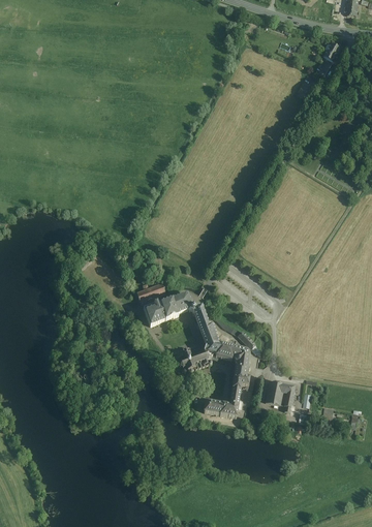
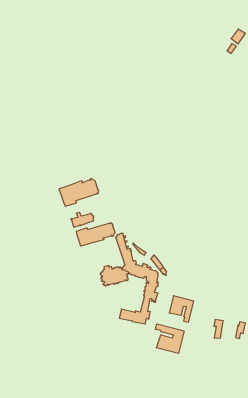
building: none -> [59,178,99,206]
building: none -> [155,324,184,353]

